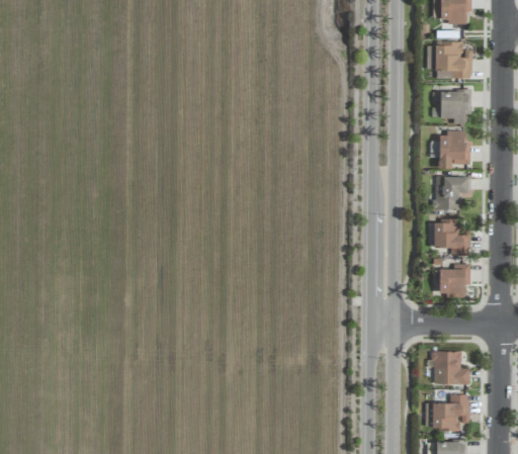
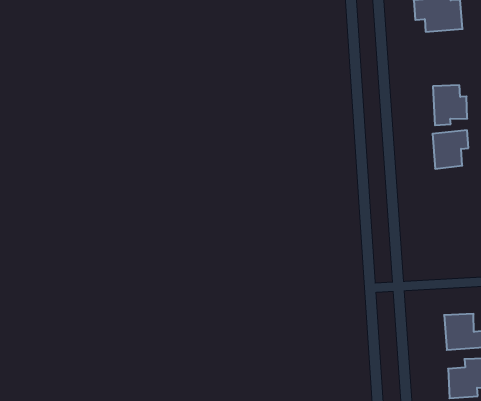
building: [440,91,470,124] -> none
building: [433,219,470,256] -> none
building: [439,264,469,296] -> none

